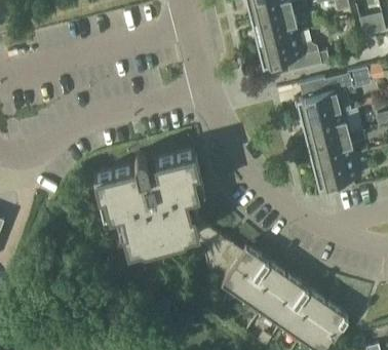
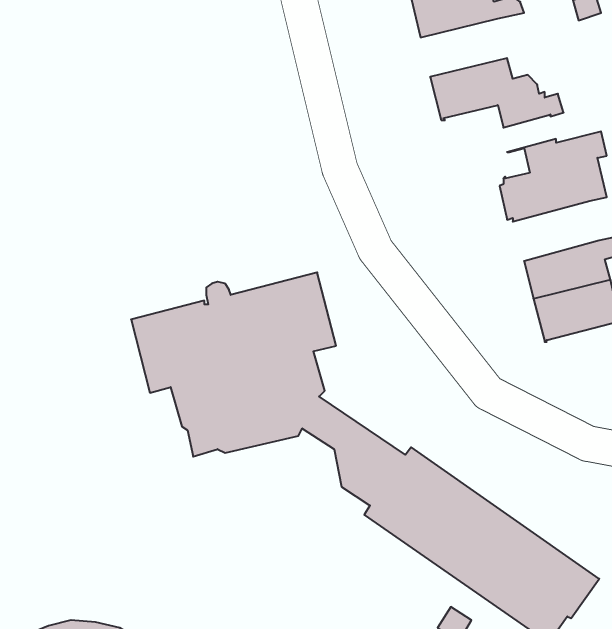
building: [251,13,299,45] -> none
building: [302,113,349,146] -> none

